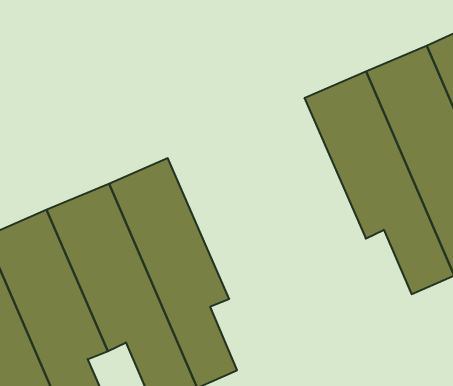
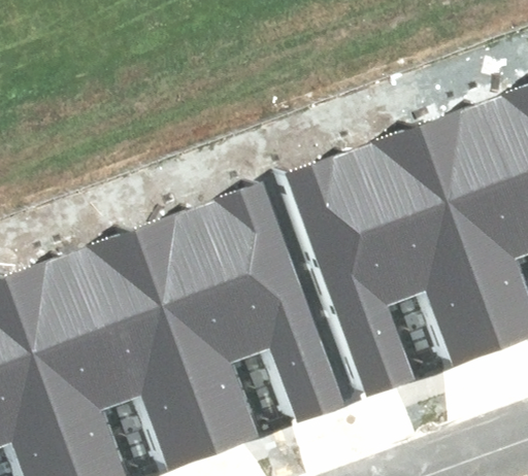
building: none -> [280,151,409,398]
building: none -> [200,182,351,422]

